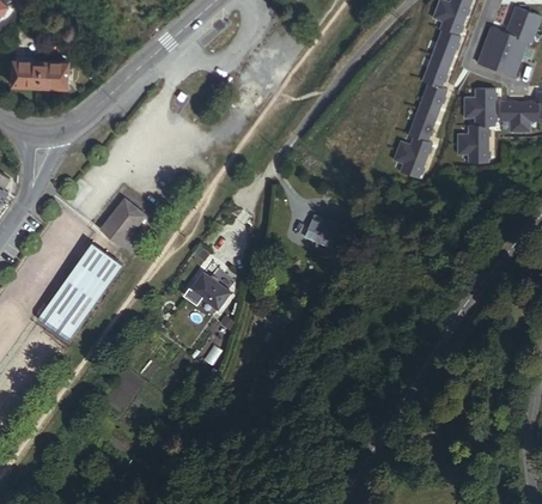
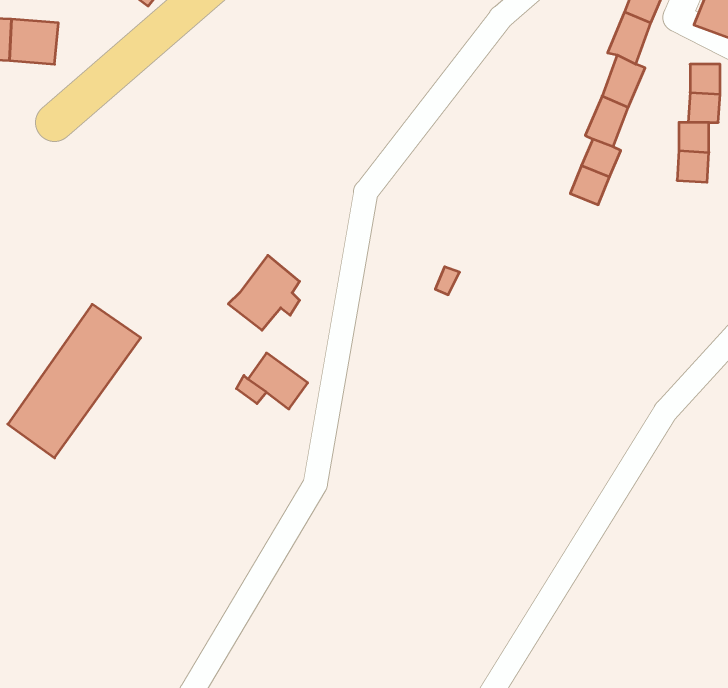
building: [101,196,146,244] -> [228,255,300,330]

